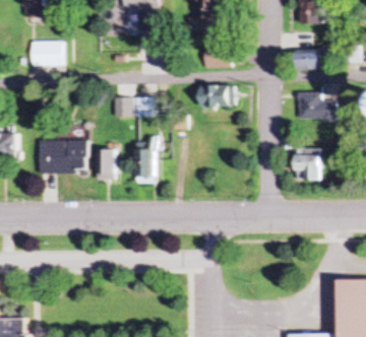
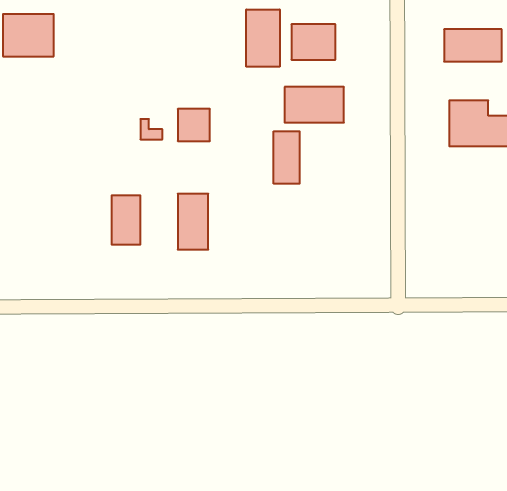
building: none -> [246,9,280,67]
building: none -> [274,131,300,184]
building: [38,139,85,173] -> none
building: [297,148,323,181] -> none

